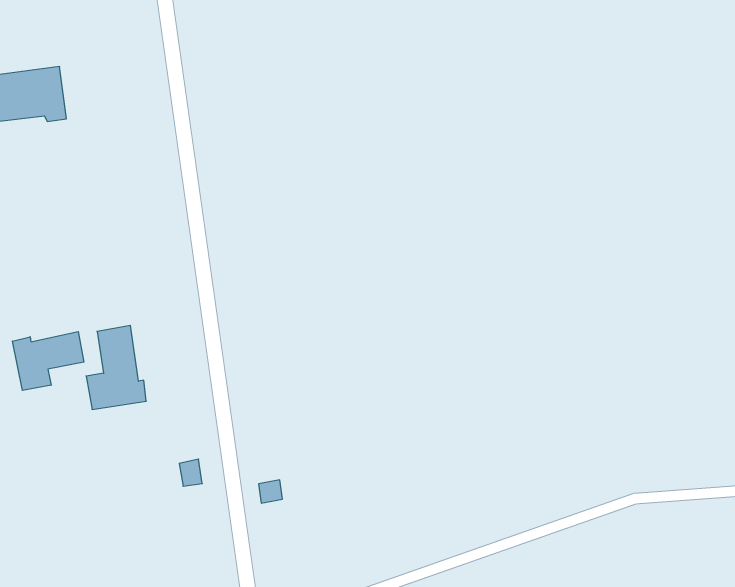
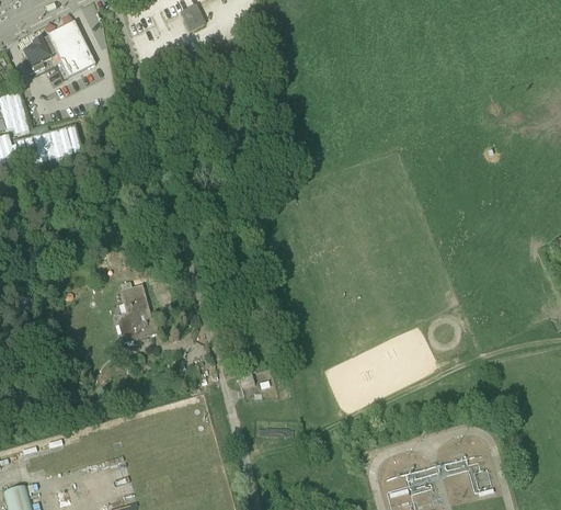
building: [13,332,84,390] -> none

